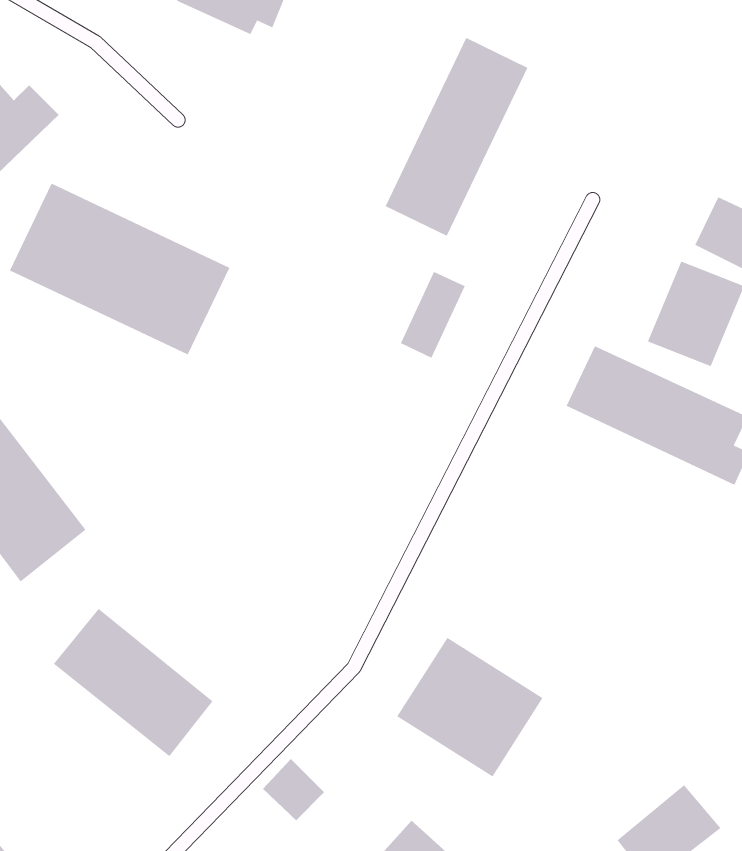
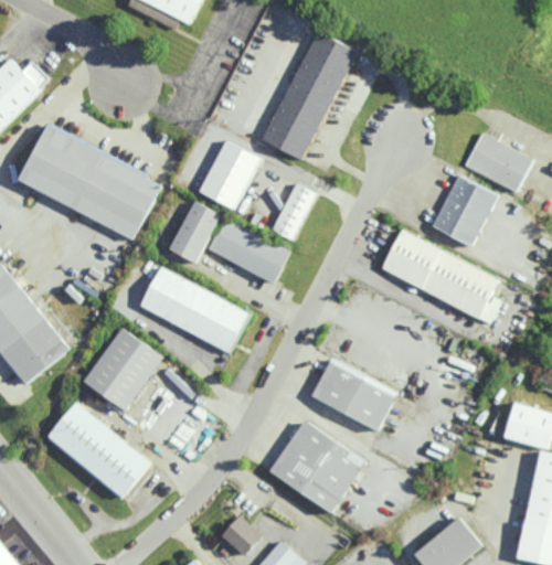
building: none -> [199,139,259,209]
building: none -> [169,201,220,262]
building: none -> [208,218,289,282]
building: none -> [139,268,251,351]
building: none -> [84,328,161,409]
building: none -> [310,358,397,429]
building: [262,758,325,821] -> [221,514,262,555]

